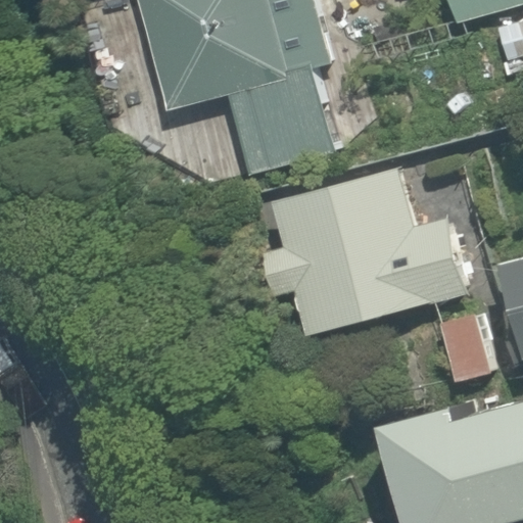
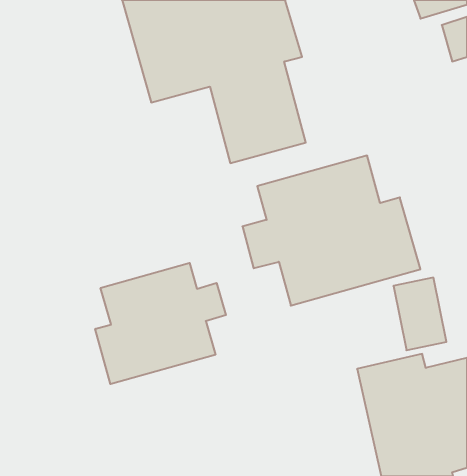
building: none -> [95,263,226,384]

